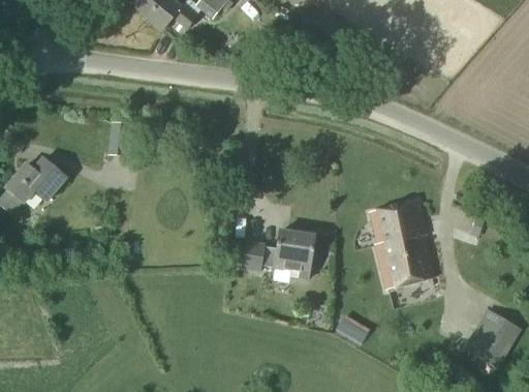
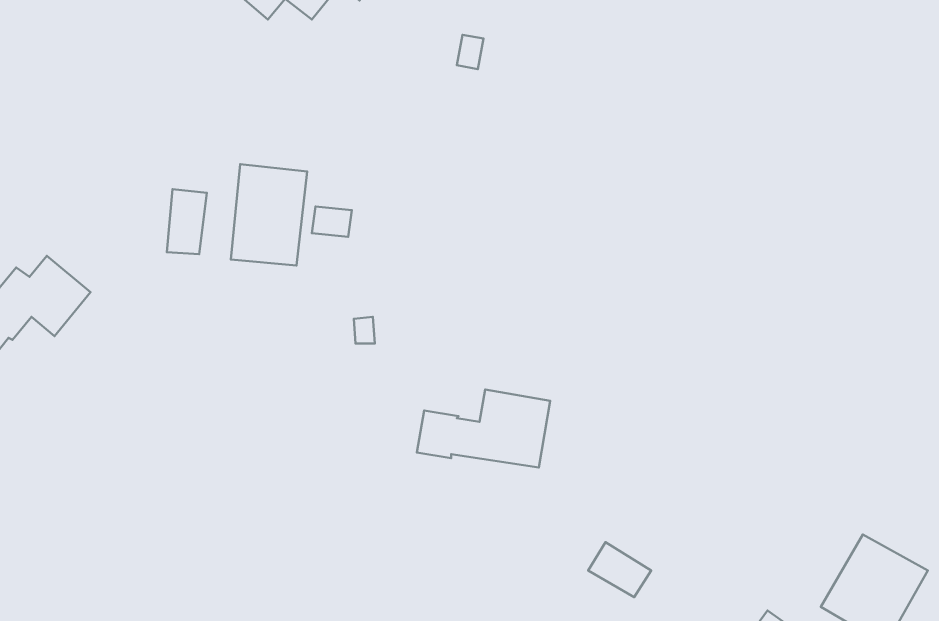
building: none -> [231,164,307,265]
building: [370,201,434,290] -> none

